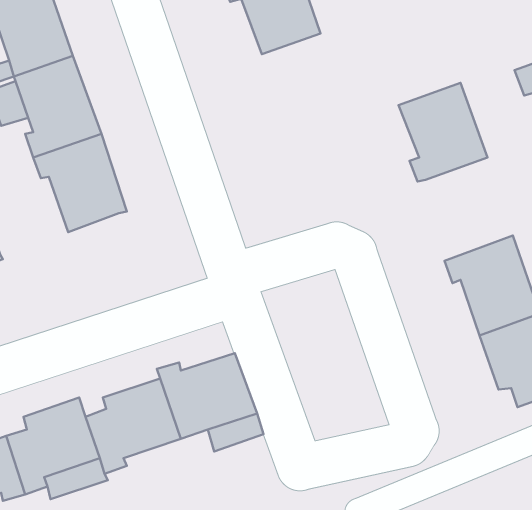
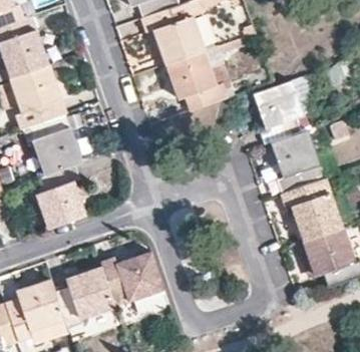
building: none -> [166,50,228,110]
building: none -> [270,128,325,194]
building: none -> [35,163,86,229]

